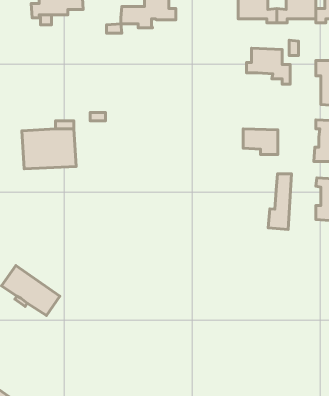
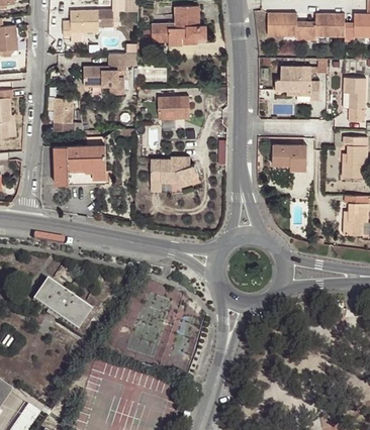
building: none -> [82,51,124,92]
building: none -> [157,96,189,120]
building: none -> [54,98,73,131]
building: none -> [150,156,198,191]
building: [268,174,292,229] -> none

